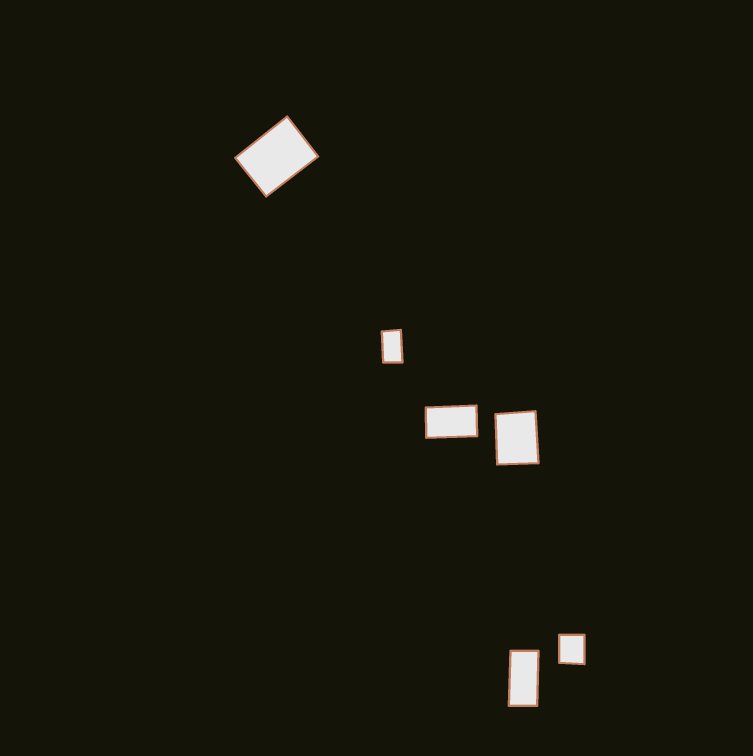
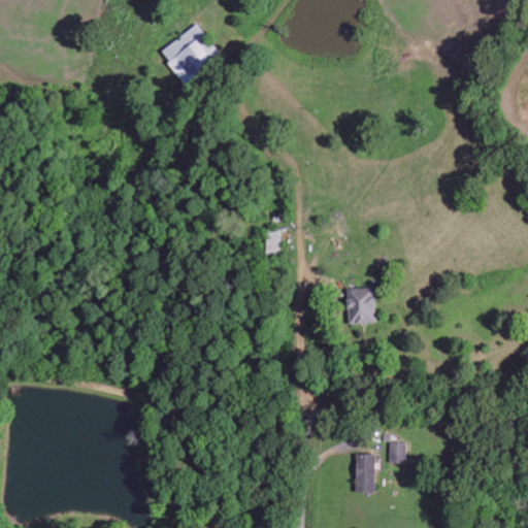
building: [235,117,318,196] -> [161,24,219,79]
building: [426,406,477,438] -> none

